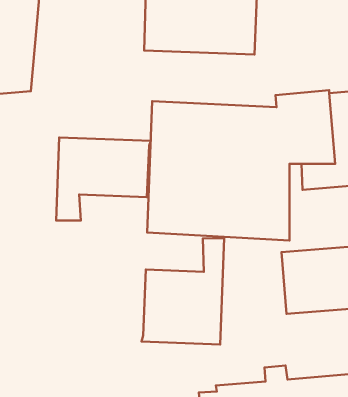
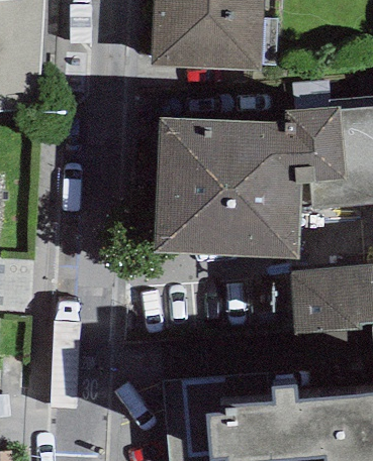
building: [56,137,151,221] -> none
building: [142,238,224,345] -> none

